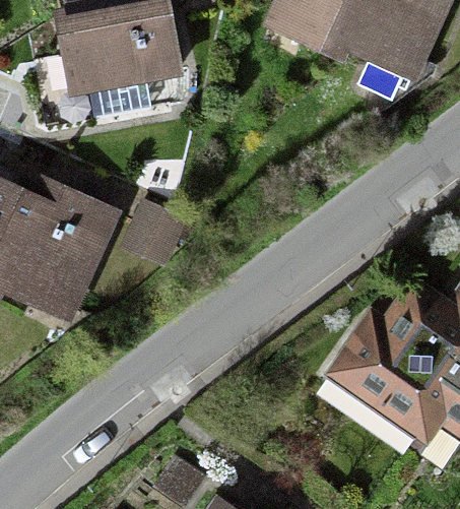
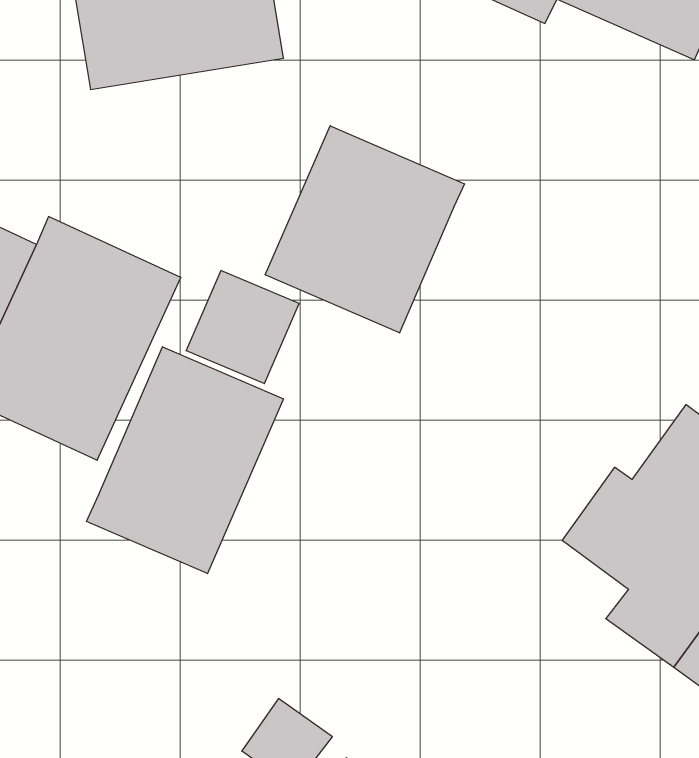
building: none -> [265,126,464,333]
building: none -> [87,347,283,574]

